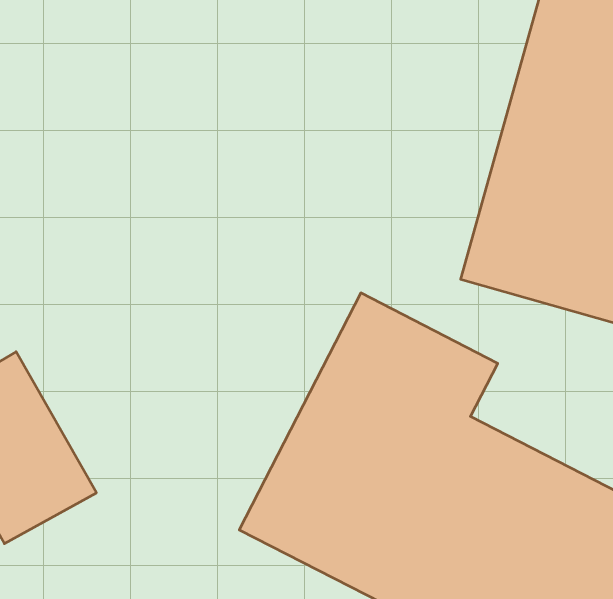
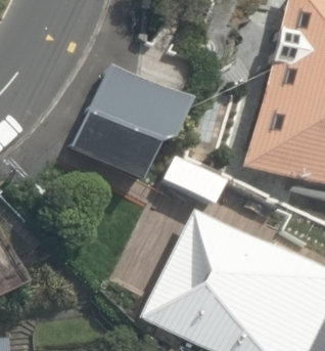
building: none -> [86,49,197,162]

